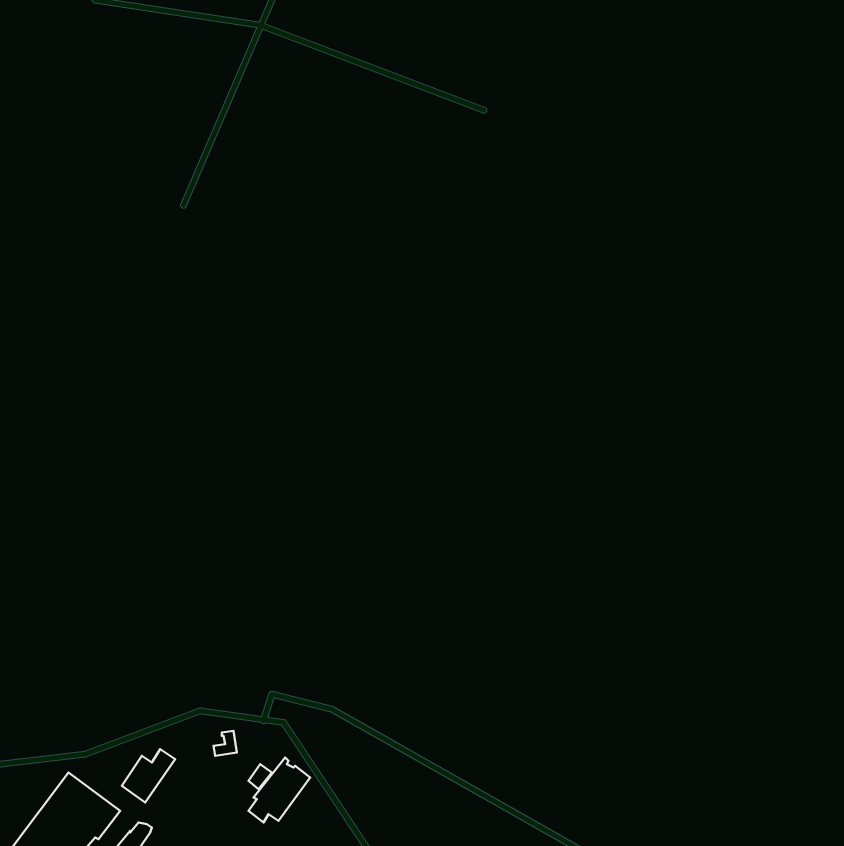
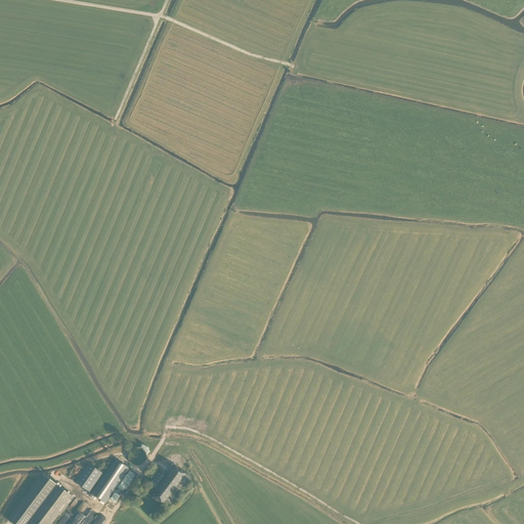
building: none -> [96,463,134,508]

